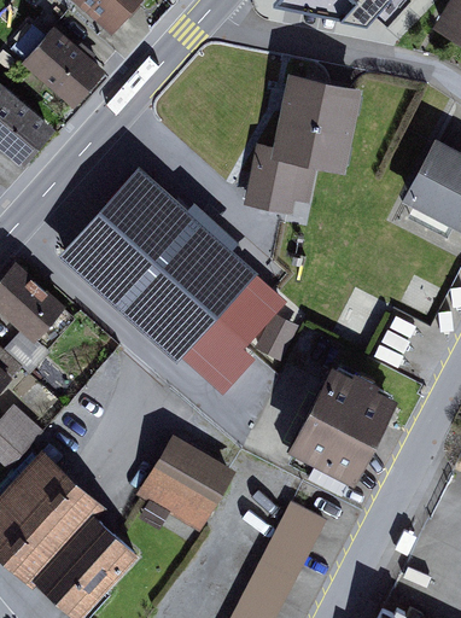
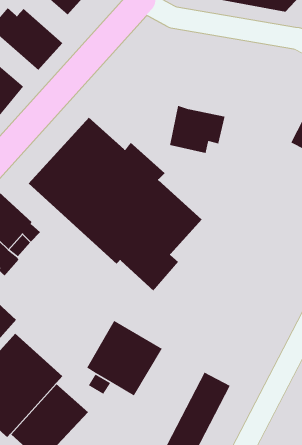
building: [269,72,362,174] -> none
building: [287,365,397,484] -> none

